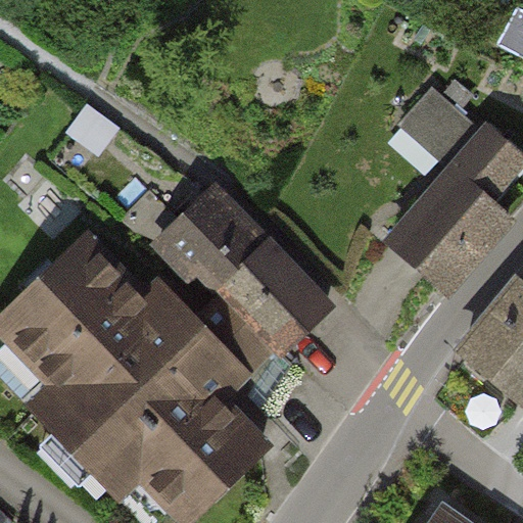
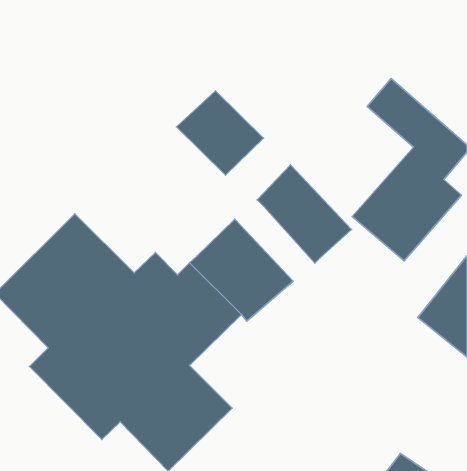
building: none -> [257,165,351,263]
building: [163,192,259,285] -> [177,91,264,175]

